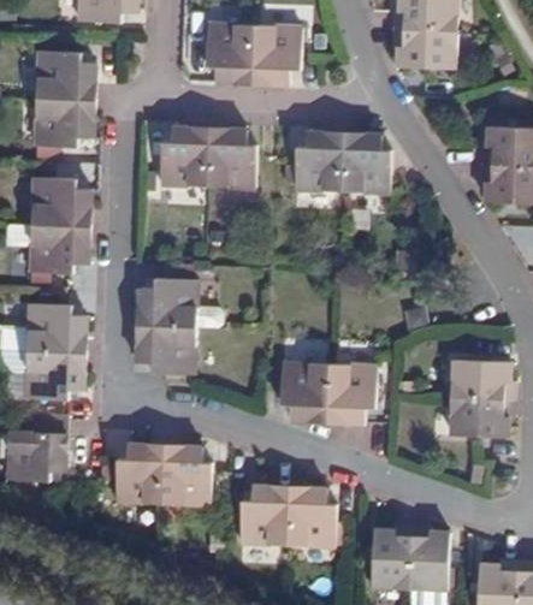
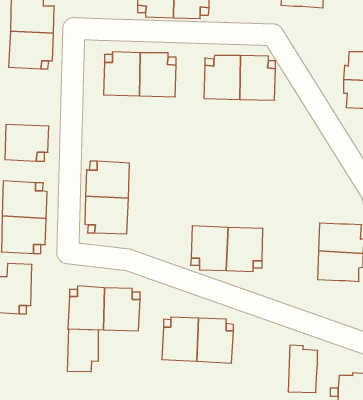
building: [30,178,89,229] -> none
building: none -> [68,329,98,372]
building: [372,522,411,585] -> none

